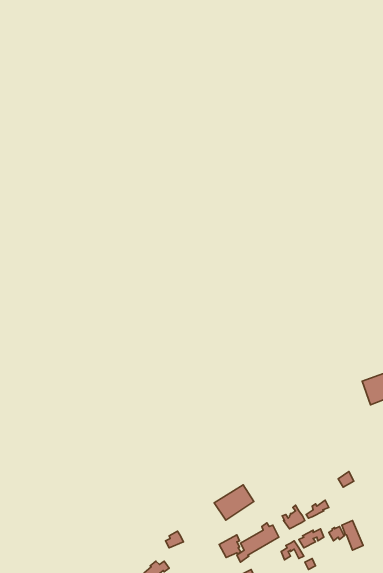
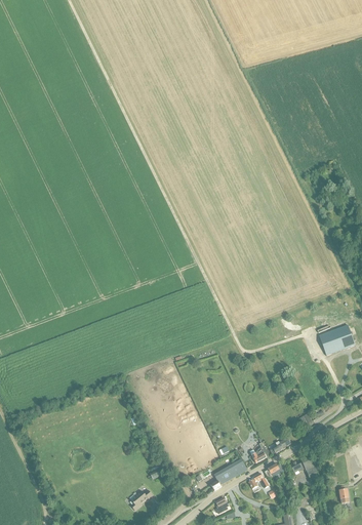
building: [214,485,254,520] -> none

